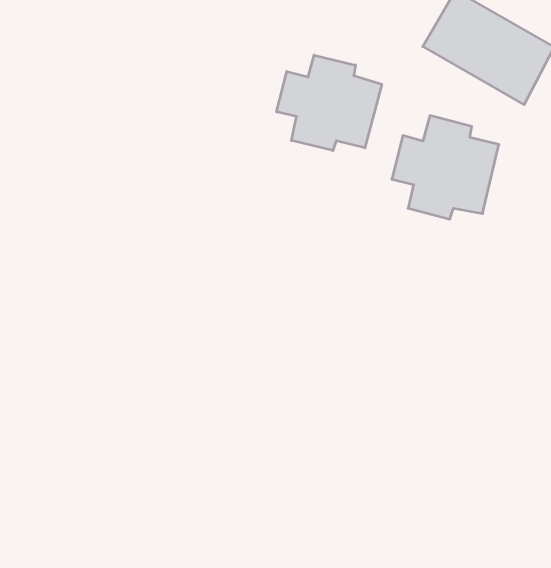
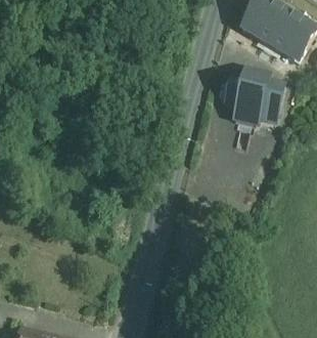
building: [277,55,382,151] -> none

